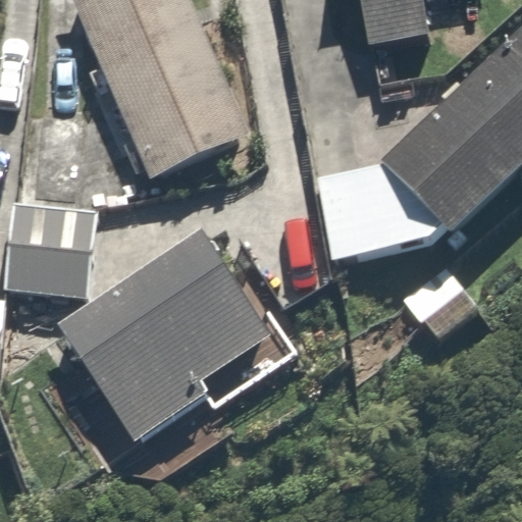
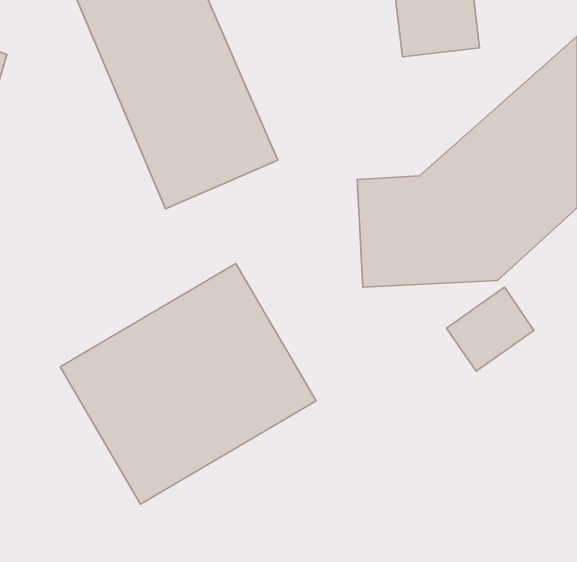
building: [5,203,94,303] -> none

